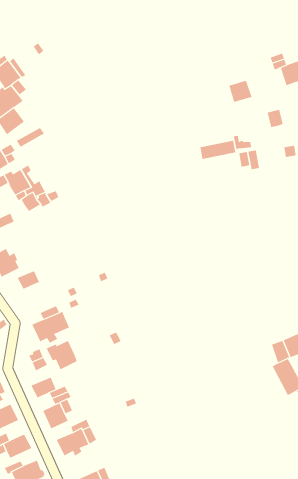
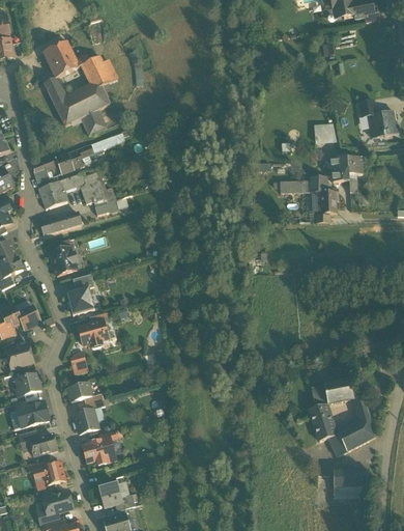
building: none -> [328,157,350,181]
building: none -> [67,287,95,314]
building: [46,340,78,371] -> none

